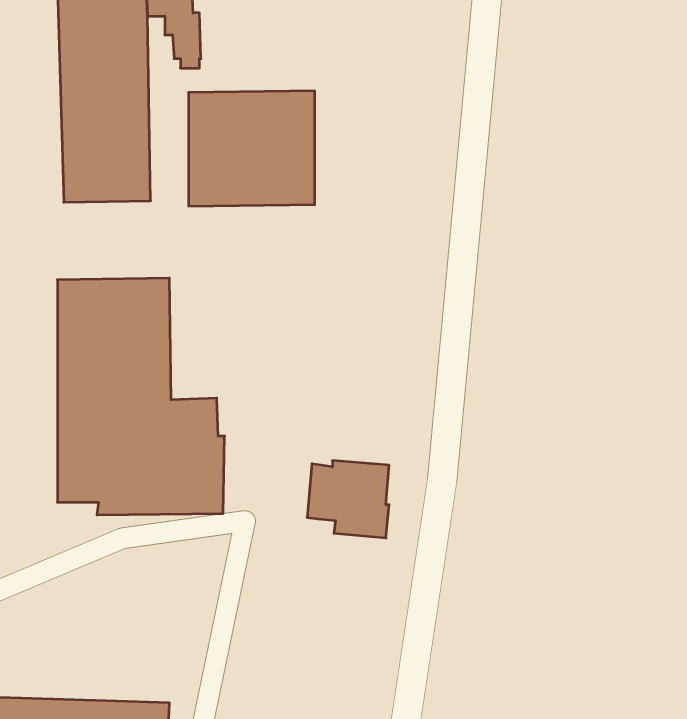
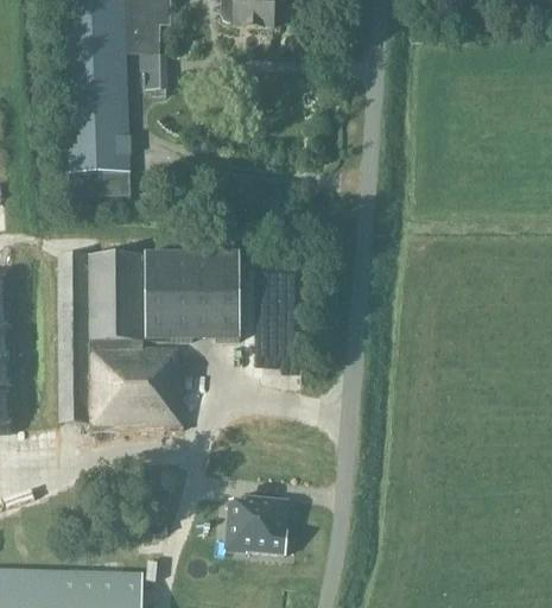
building: [189,91,315,206] -> [147,252,242,338]
building: [307,461,389,538] -> [228,492,290,550]

